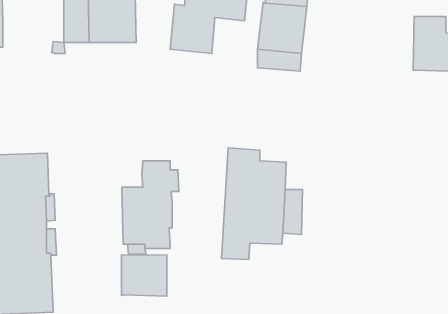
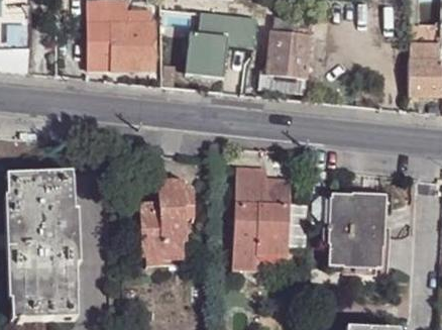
building: none -> [328,193,385,267]
building: [121,255,167,296] -> none

